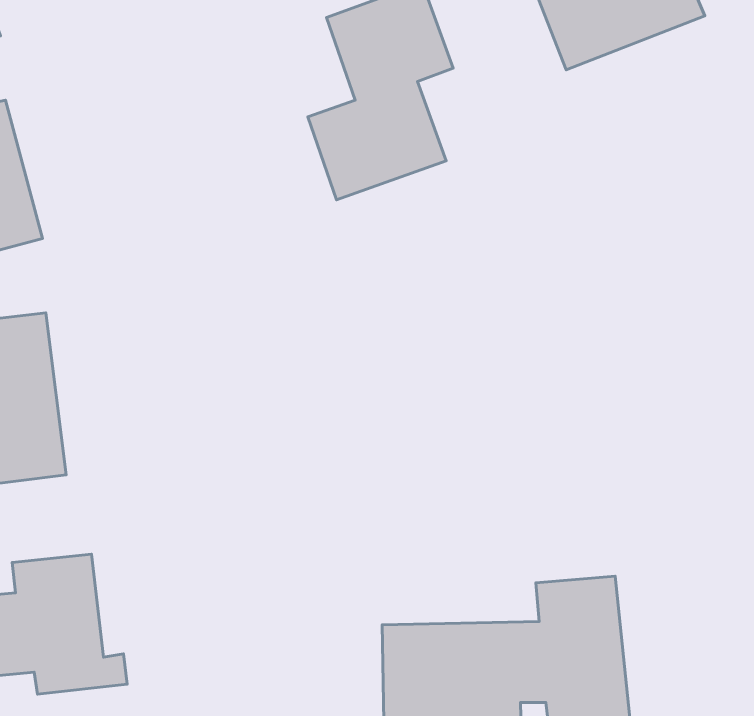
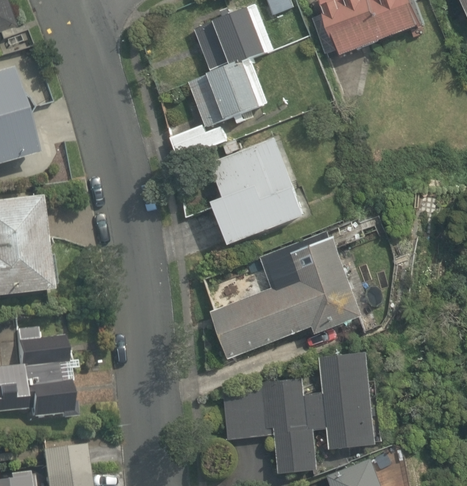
building: none -> [208,134,307,242]
building: none -> [210,235,362,358]

